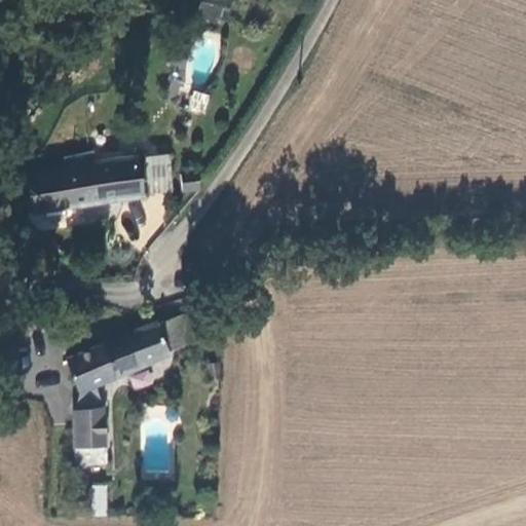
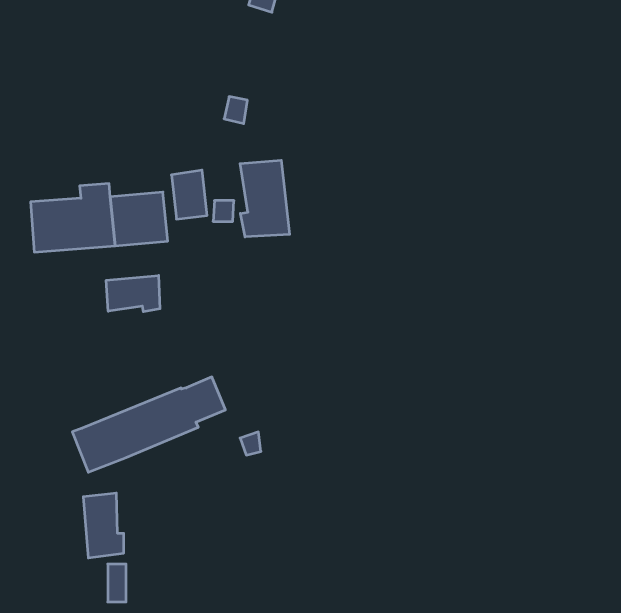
building: none -> [240,160,290,237]
building: none -> [106,275,160,312]

